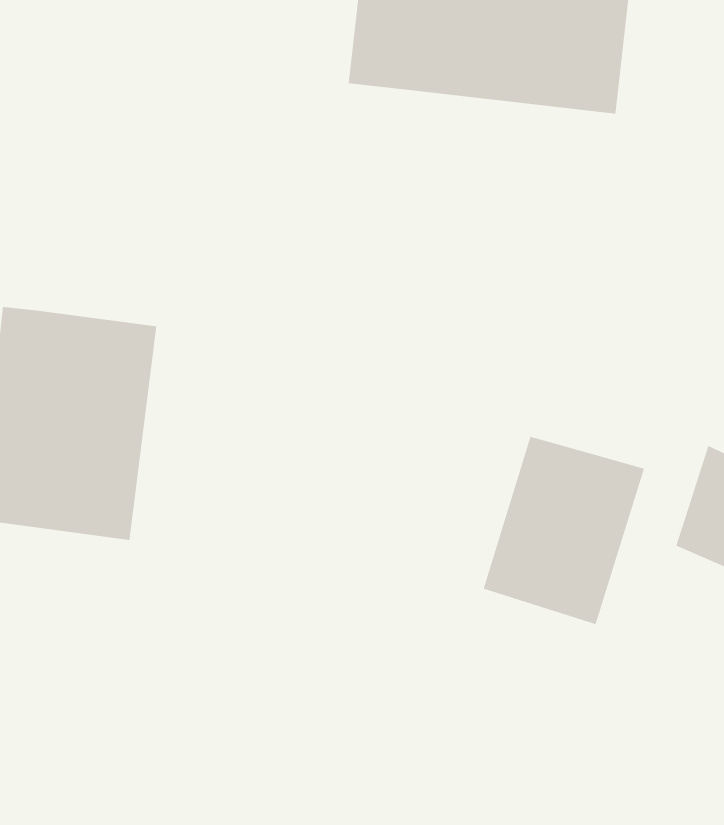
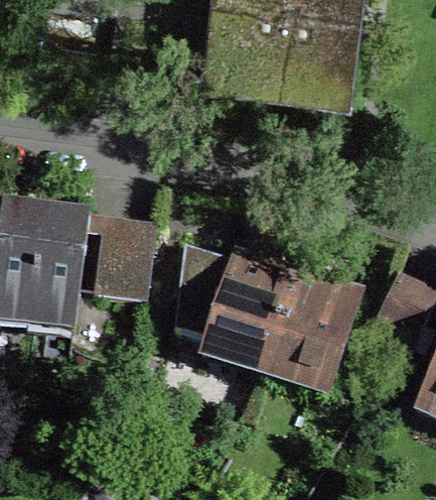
building: none -> [95,232,155,302]
building: none -> [174,245,298,360]

